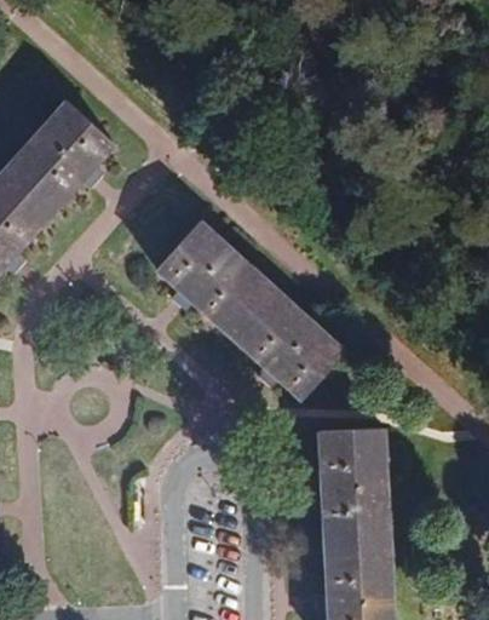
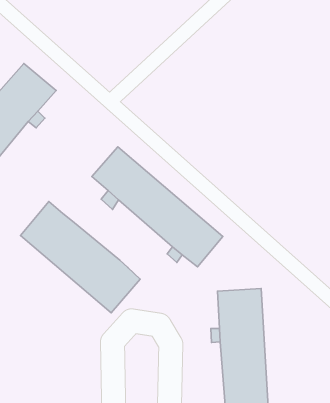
building: none -> [21,201,140,313]

